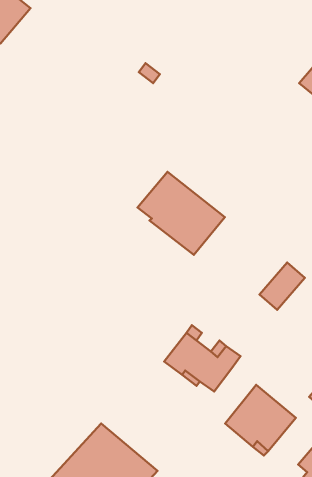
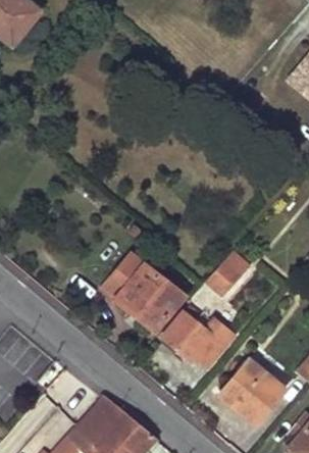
building: [137,172,225,255] -> [104,254,185,331]
building: [259,262,305,310] -> [206,252,248,296]

